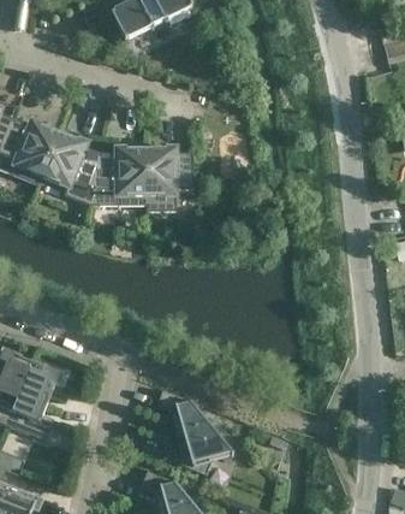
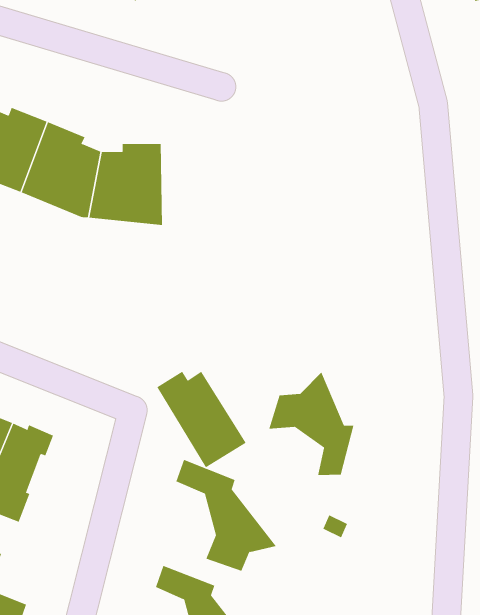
building: [147,148,195,211] -> none
building: none -> [156,371,246,468]
building: none -> [269,372,354,476]

